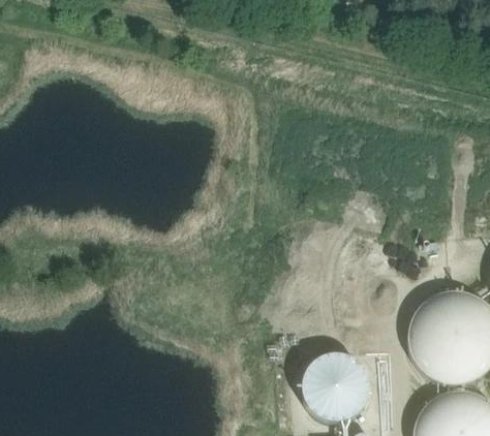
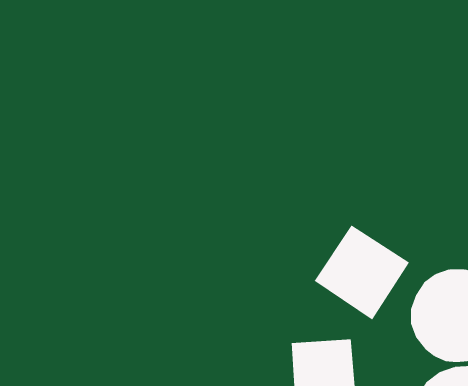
building: none -> [314,224,410,320]

